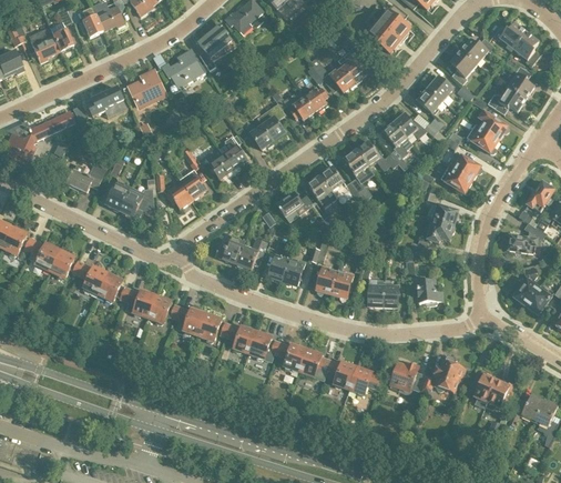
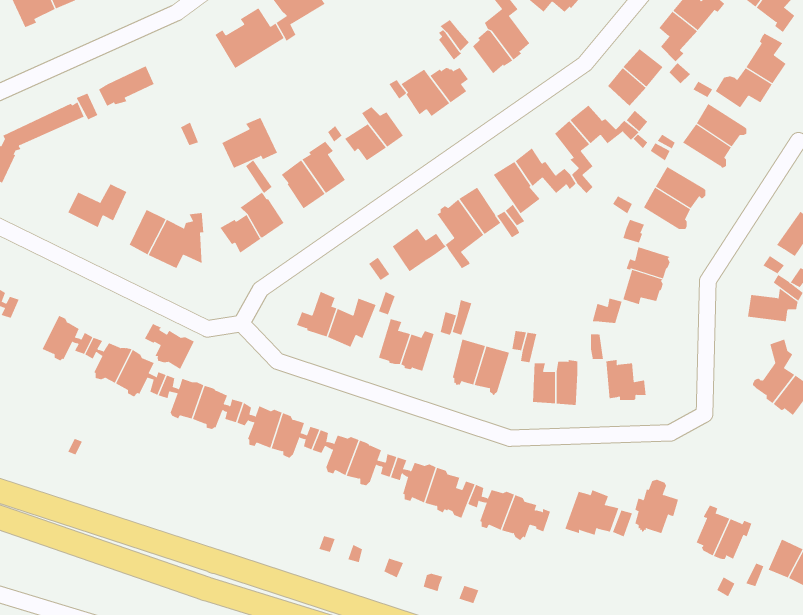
building: [130,70,166,103] -> [221,117,278,168]
building: [30,239,61,271] -> none
building: none -> [144,323,195,370]

